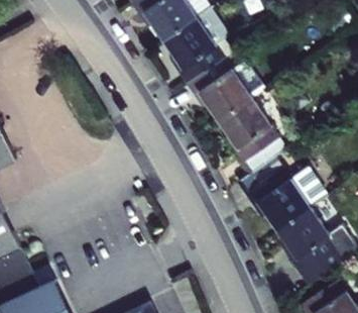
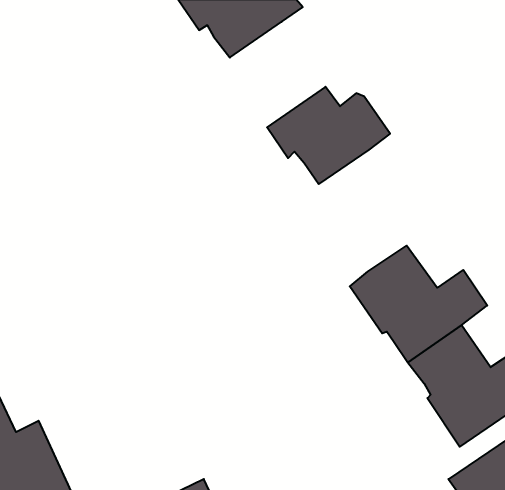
building: [163,6,224,81] -> none
building: [219,95,285,171] -> none

